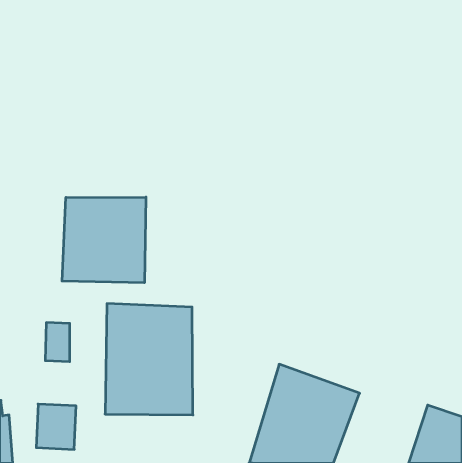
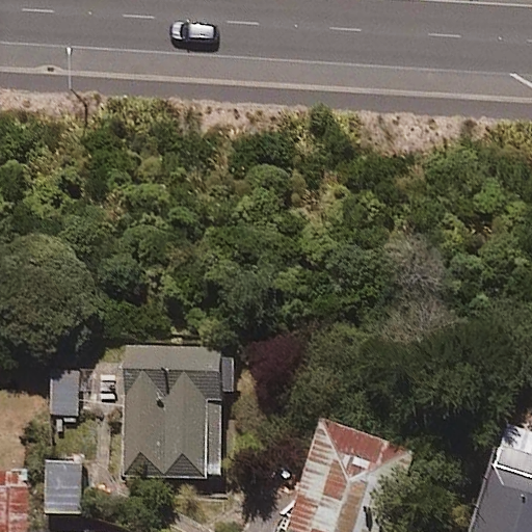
building: [62,197,146,283] -> none

